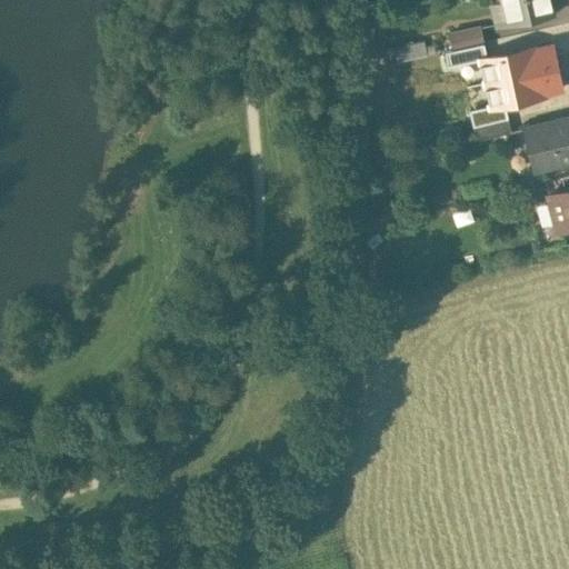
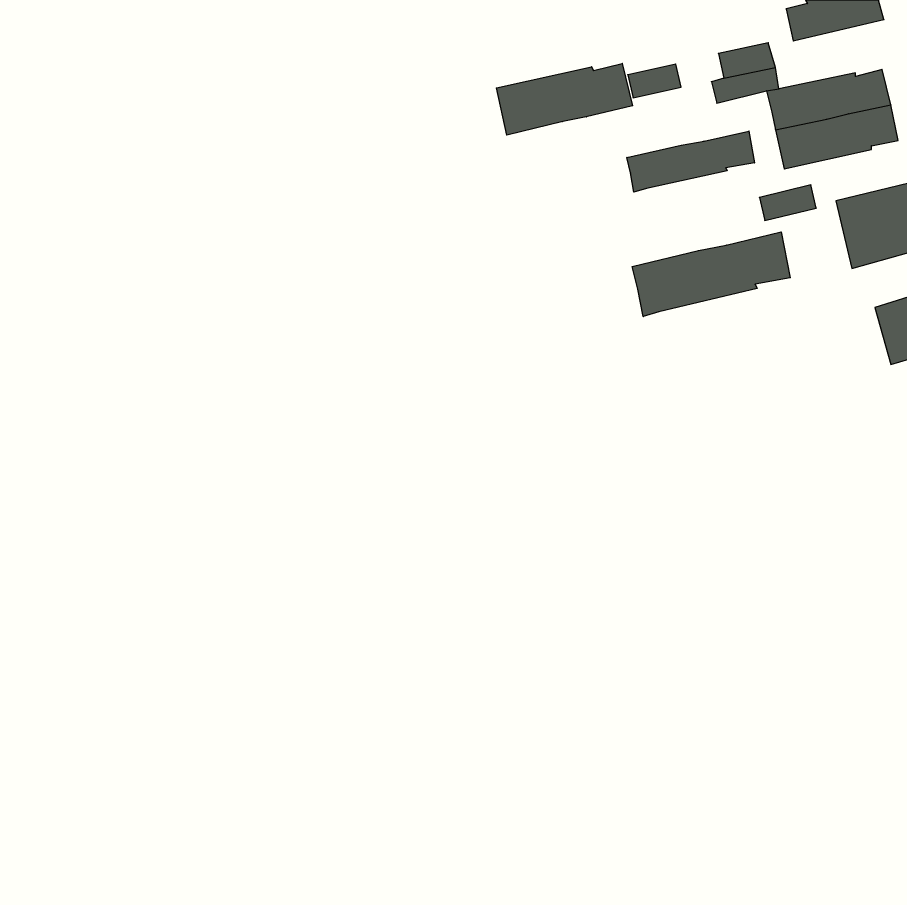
building: none -> [496,63,633,135]
building: none -> [627,131,754,192]
building: none -> [632,232,790,317]

